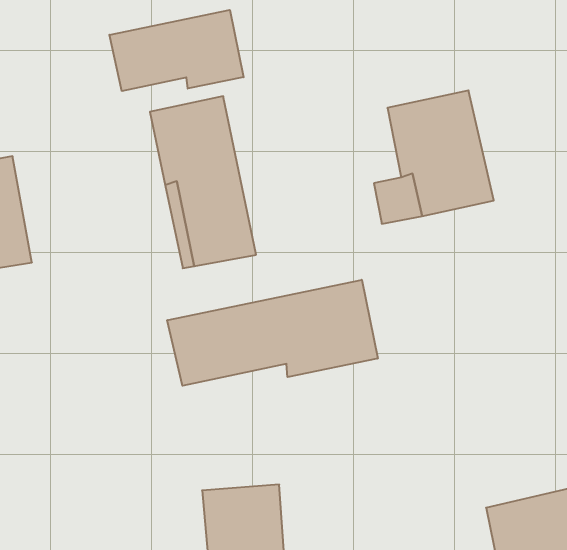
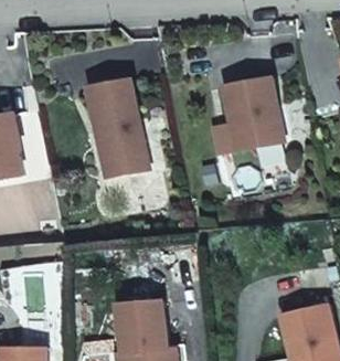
building: [109,10,244,91] -> none
building: [167,280,378,386] -> none

